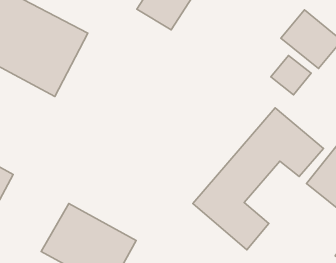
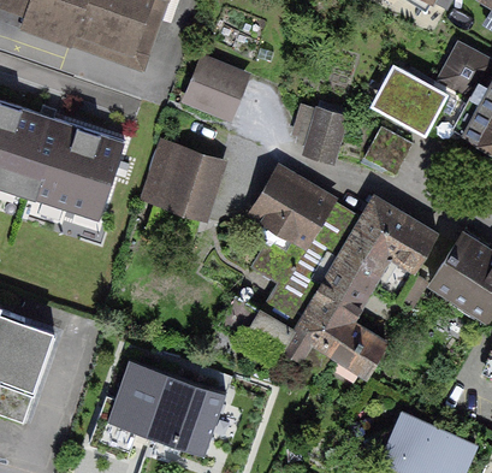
building: none -> [300,101,350,165]
building: none -> [141,142,226,225]
building: none -> [244,159,338,253]

